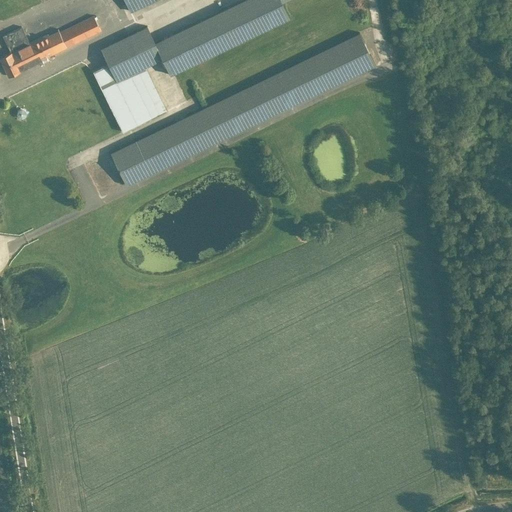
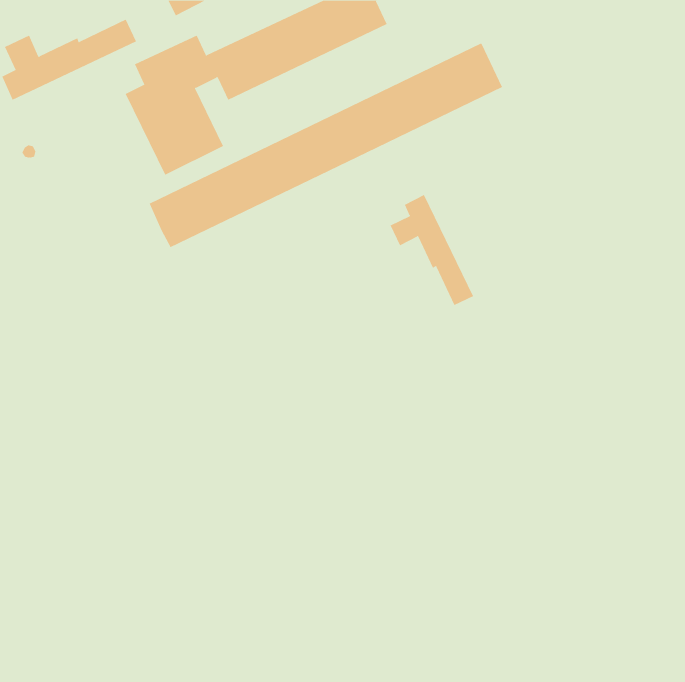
building: none -> [390,194,474,306]

